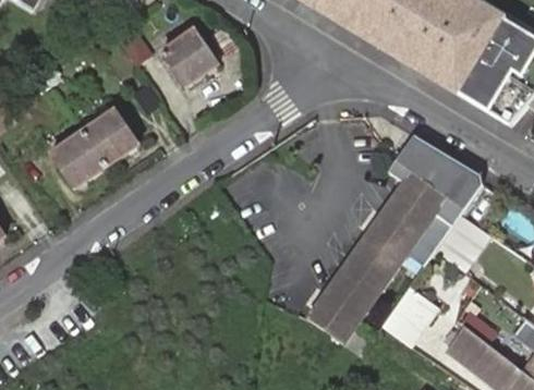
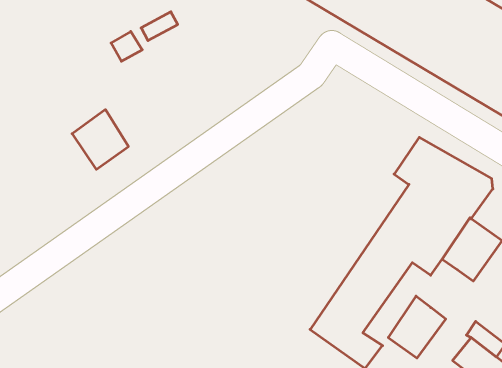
building: [162,29,220,87] -> none
building: [52,132,107,187] -> none

